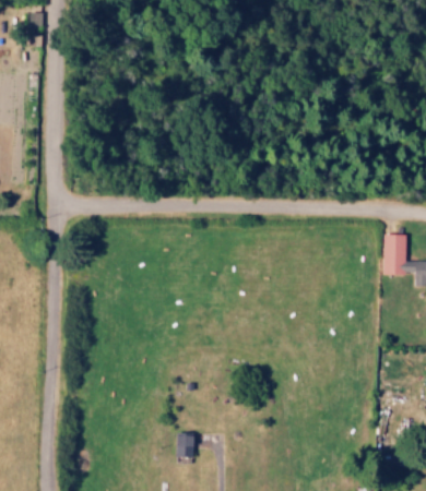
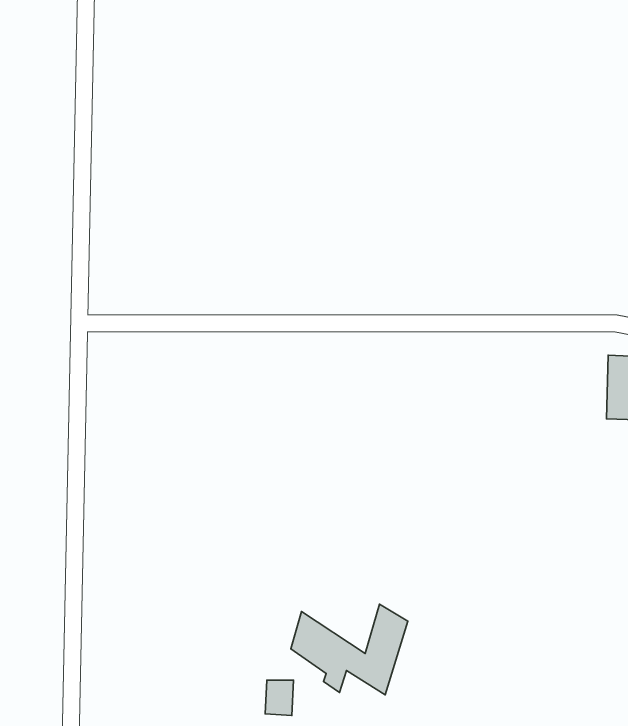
building: none -> [291,604,408,695]

